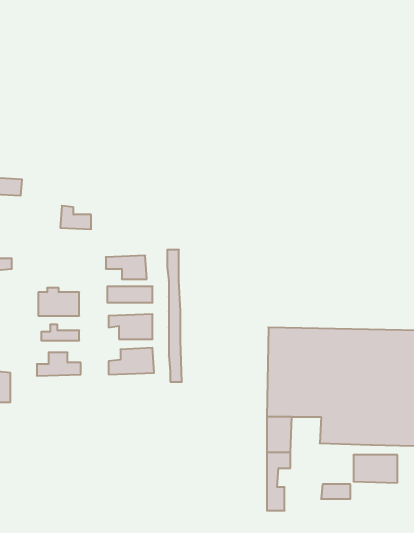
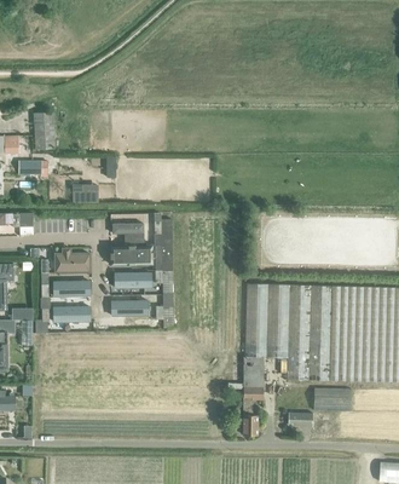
building: none -> [33,113,54,149]

